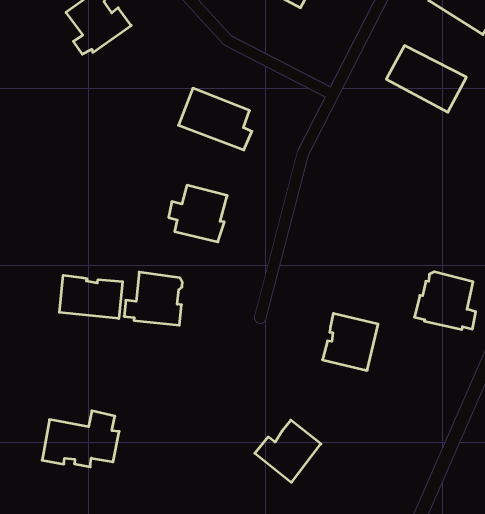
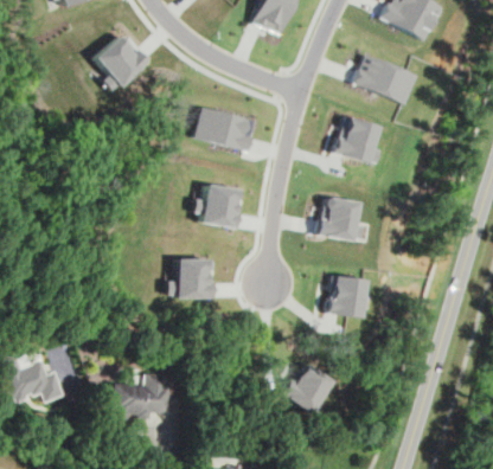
building: none -> [334,117,383,162]
building: [414,272,476,329] -> [318,197,366,240]
building: [59,275,123,319] -> none

